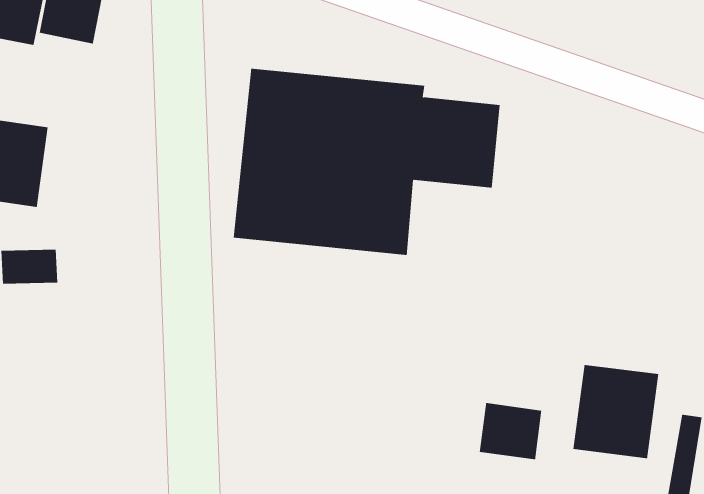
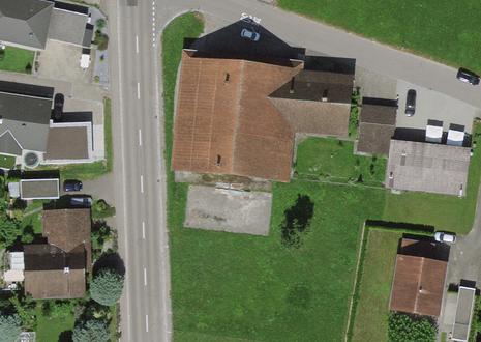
building: none -> [358,105,467,194]
building: none -> [54,126,86,158]
building: none -> [25,210,88,295]
building: [479,402,542,460] -> none

